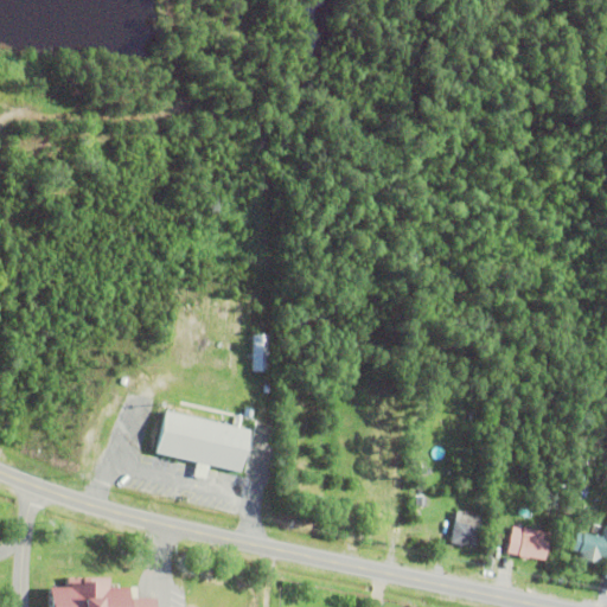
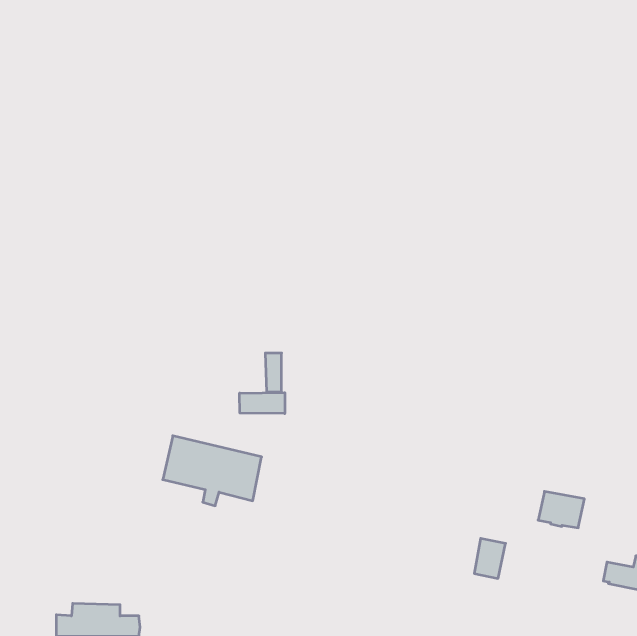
building: none -> [240,393,285,414]
building: [507,525,551,560] -> [538,491,584,528]

